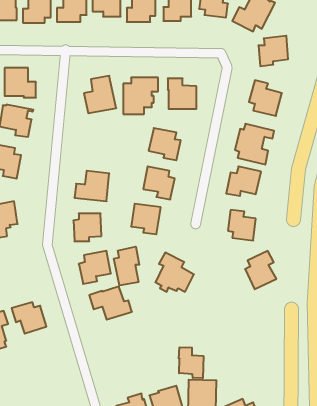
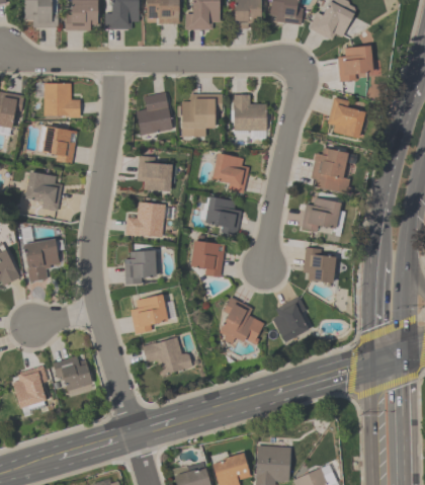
building: none -> [137,156,172,192]
building: [114,247,139,285] -> none
building: [245,251,276,289] -> [272,298,309,342]
building: [179,347,203,378] -> none

